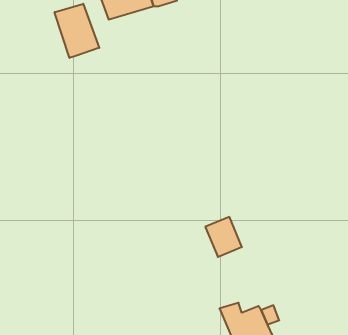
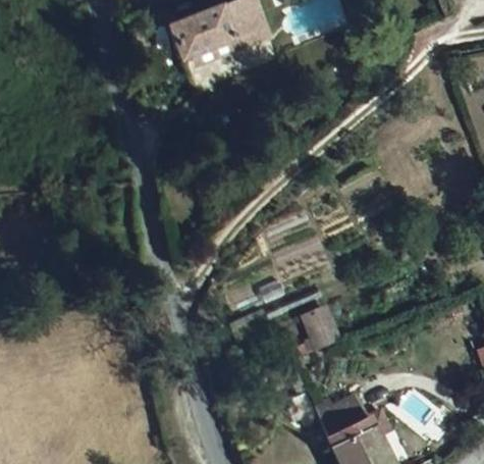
building: [55,4,99,58] -> none

